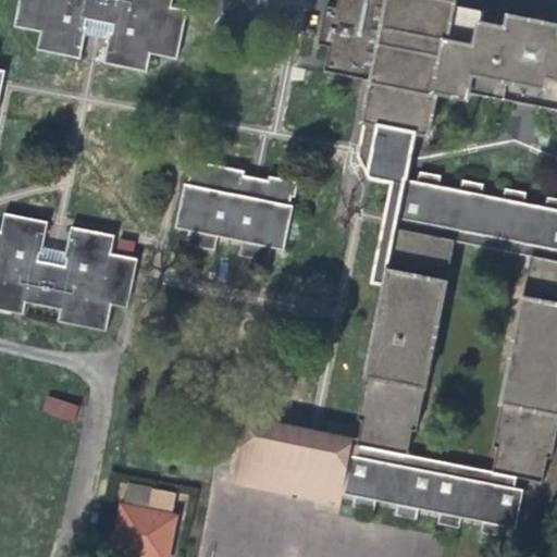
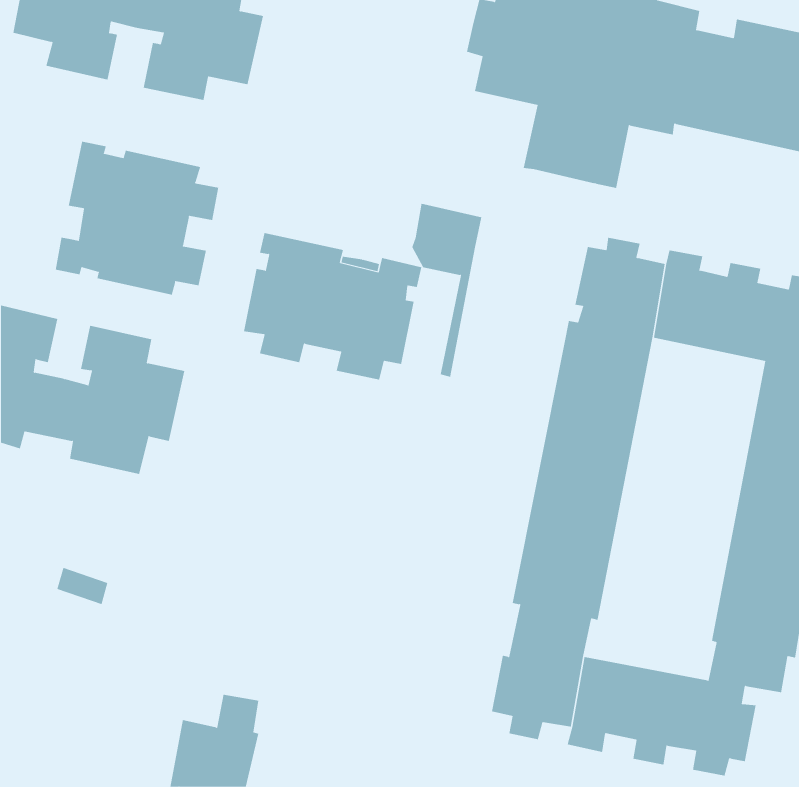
building: none -> [55,141,219,296]
building: [366,117,414,238] -> [412,203,482,378]
building: [238,414,354,502] -> none

